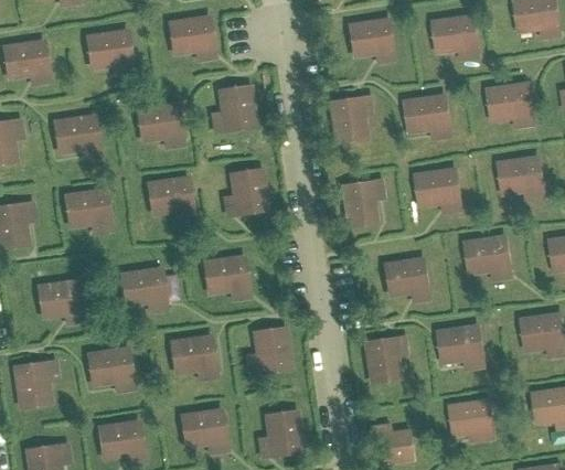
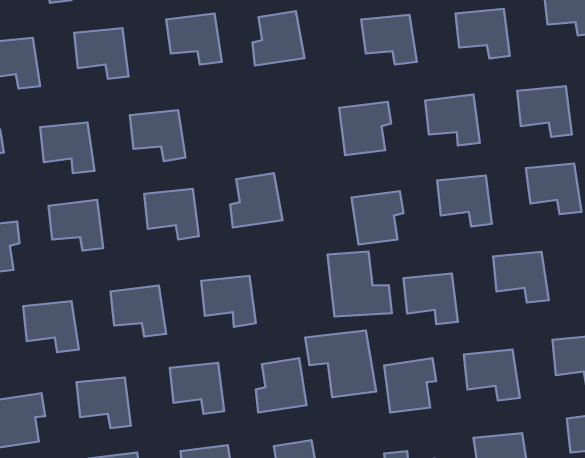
building: [212,82,259,131] -> [252,11,304,66]
building: none -> [327,252,392,316]
building: none -> [305,330,376,397]

